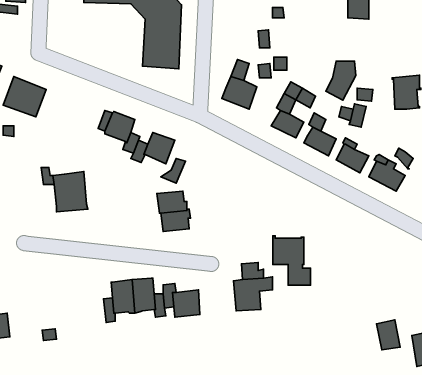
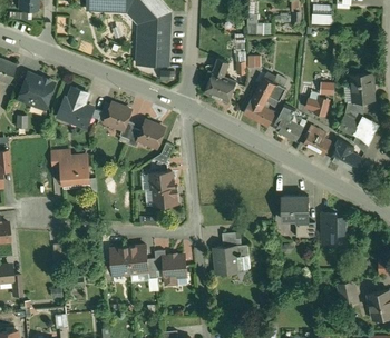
building: [326,61,356,100] -> [339,101,364,135]
building: none -> [58,88,94,127]
building: [273,236,310,285] -> [283,196,315,238]
building: none -> [322,213,345,245]

